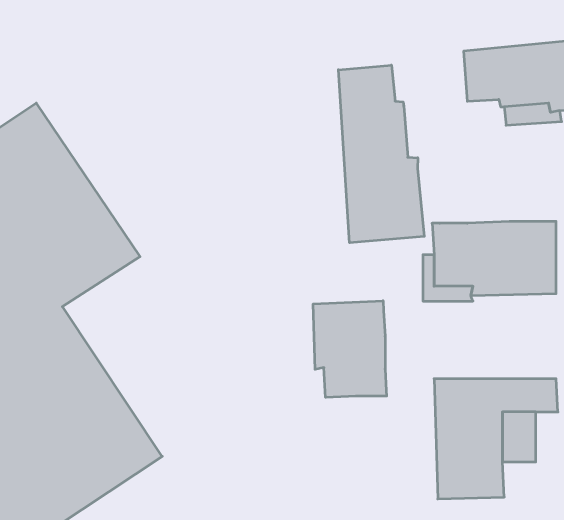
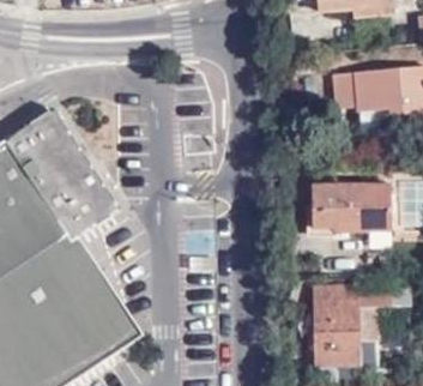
building: [338,65,424,243] -> none
building: [313,301,387,397] -> none

